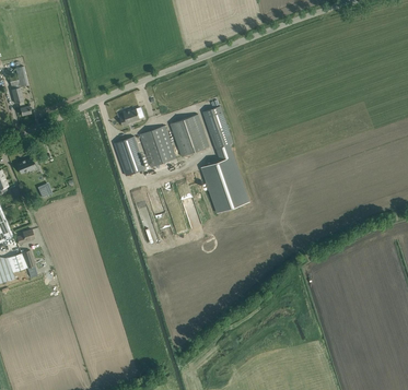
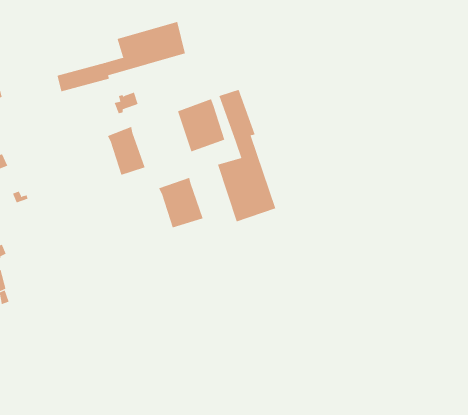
building: none -> [57,21,186,92]
building: [138,127,174,167] -> [158,177,204,228]

